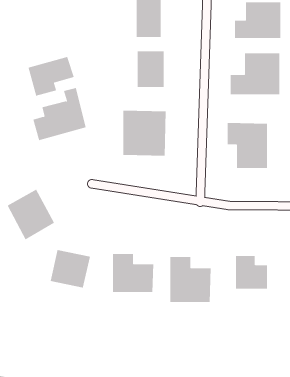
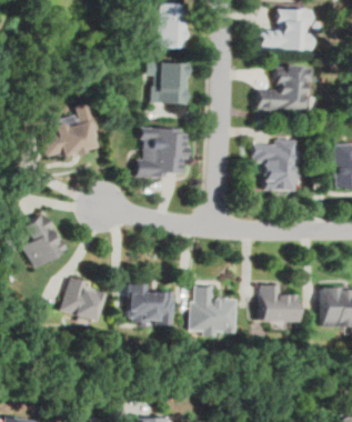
building: [28,56,75,97] -> none

